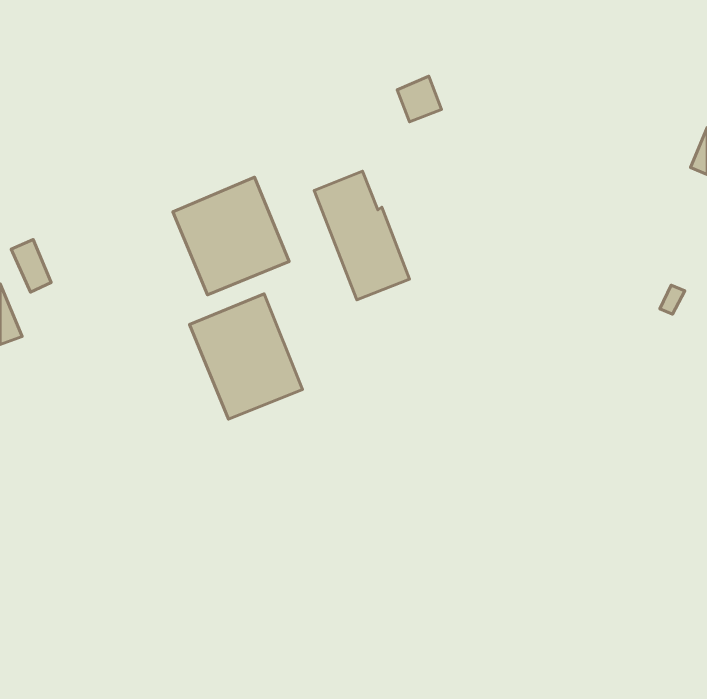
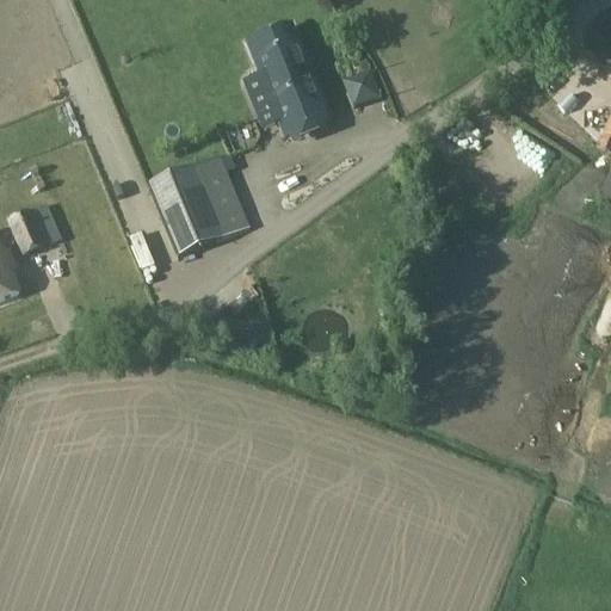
building: [314,171,410,300] -> [246,23,328,134]
building: [190,294,302,419] -> none

